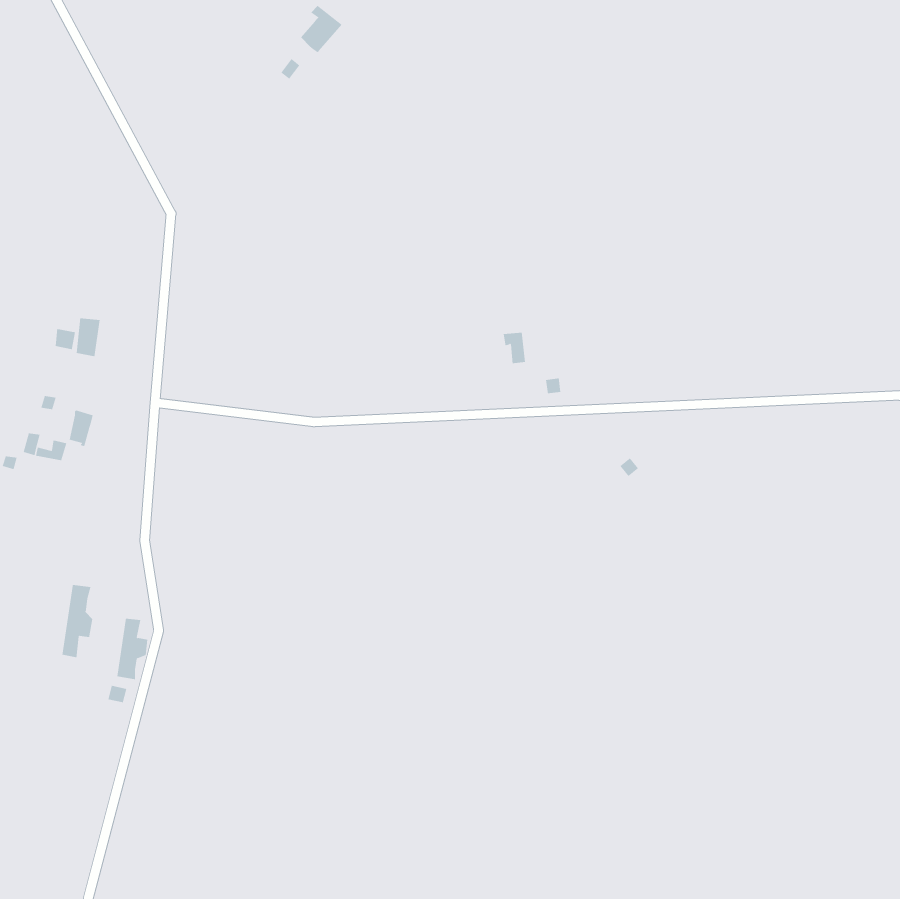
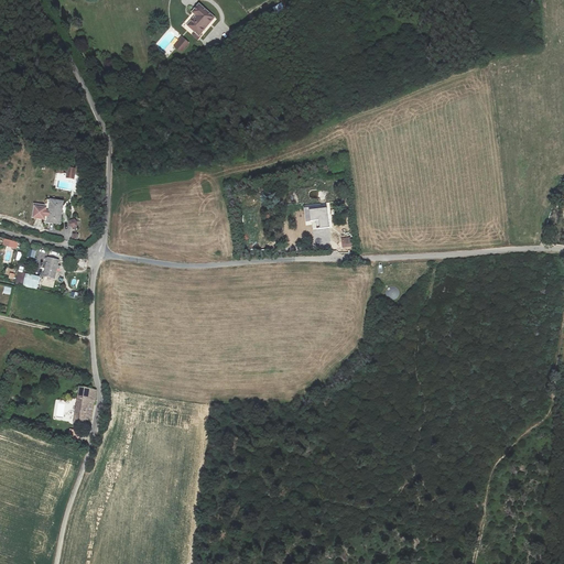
building: [62,584,93,658] -> none

